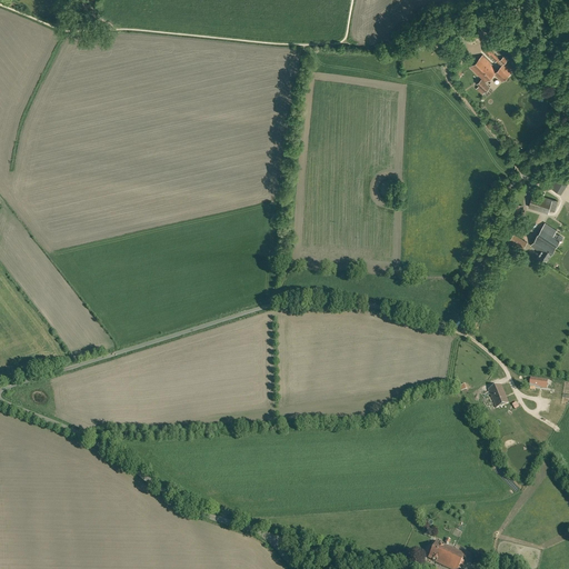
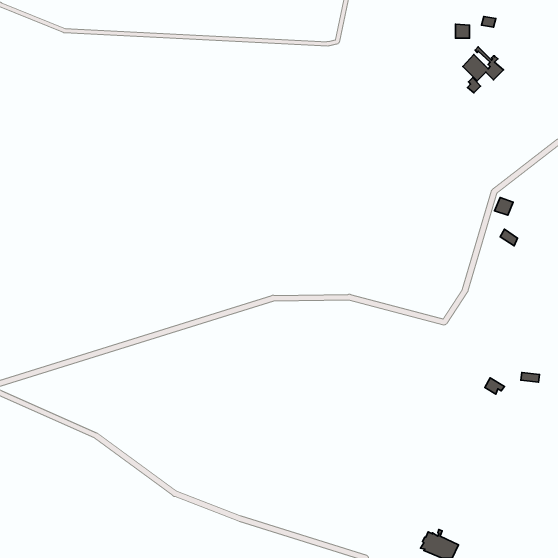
building: [531,223,563,261] -> none

